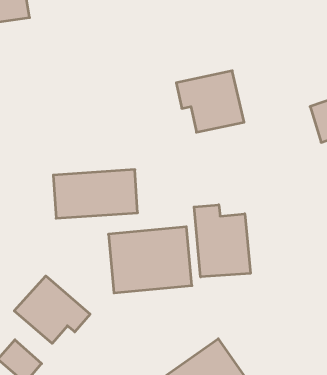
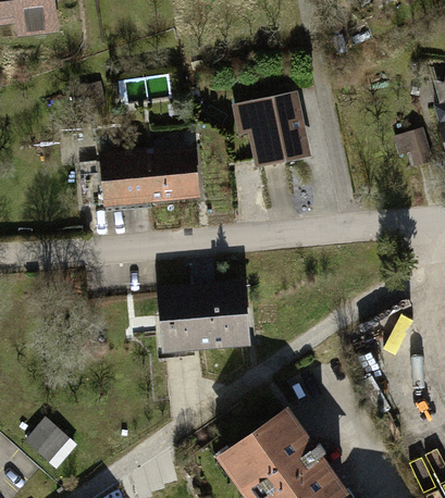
building: [53,170,138,218] -> [101,148,201,206]
building: [194,205,250,277] -> none
building: [14,276,90,343] -> none

